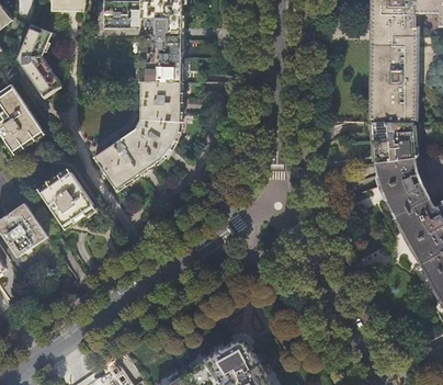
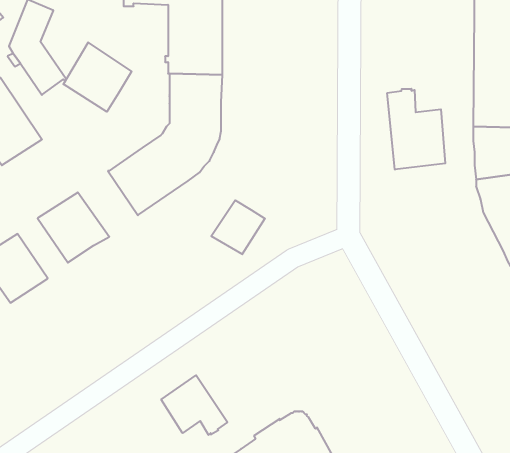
building: none -> [63,42,132,112]
building: none -> [387,89,445,170]
building: none -> [211,200,265,254]
building: none -> [161,375,227,435]

